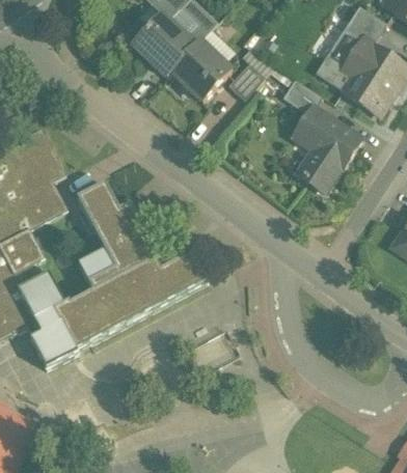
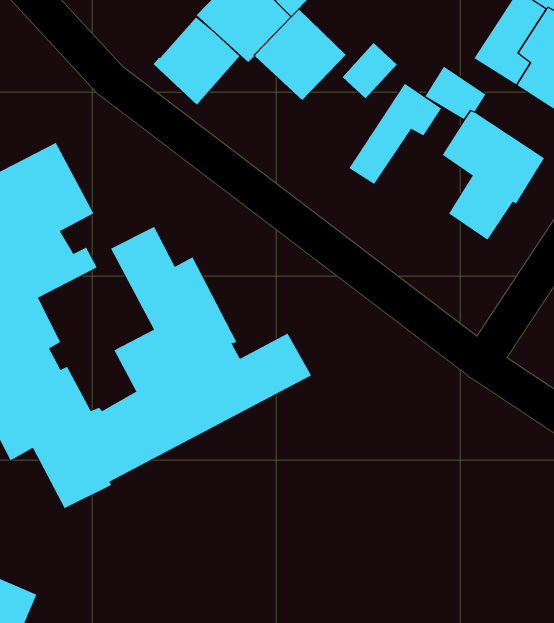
building: none -> [153,17,240,105]
building: none -> [348,83,442,185]

